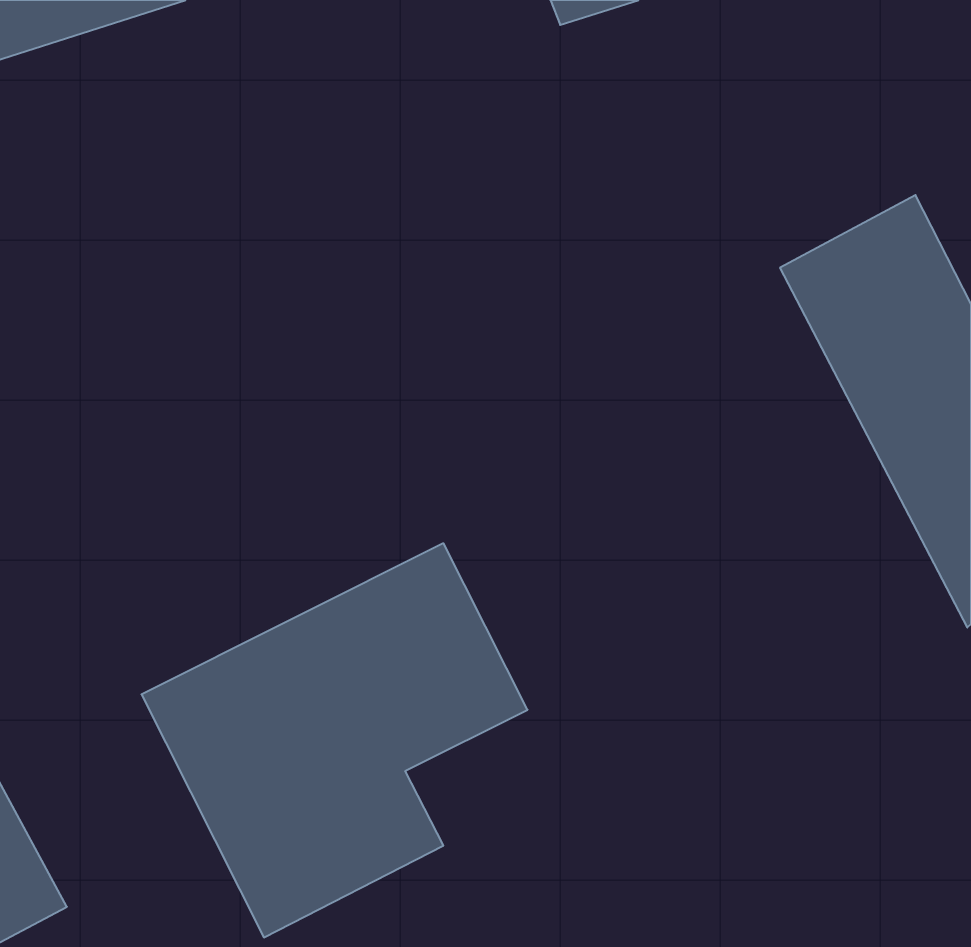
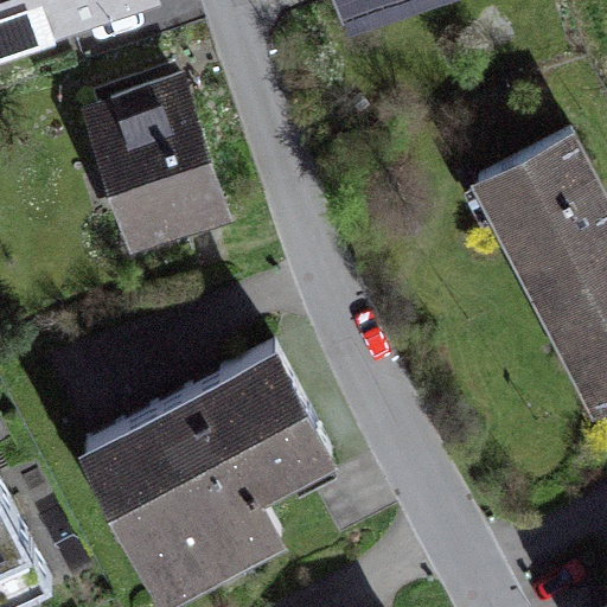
building: none -> [90,82,223,247]

